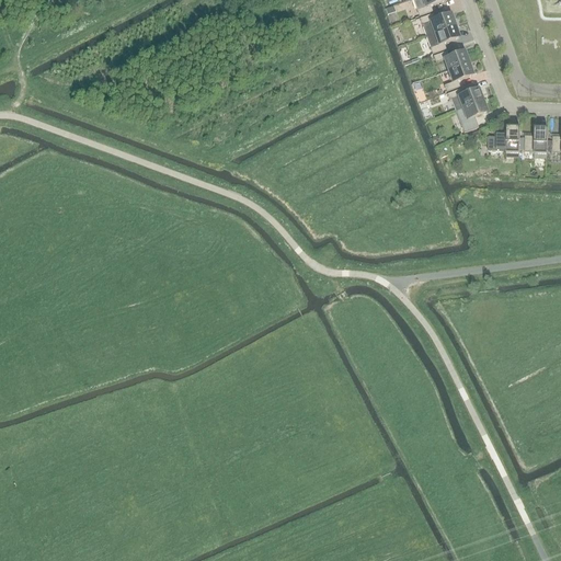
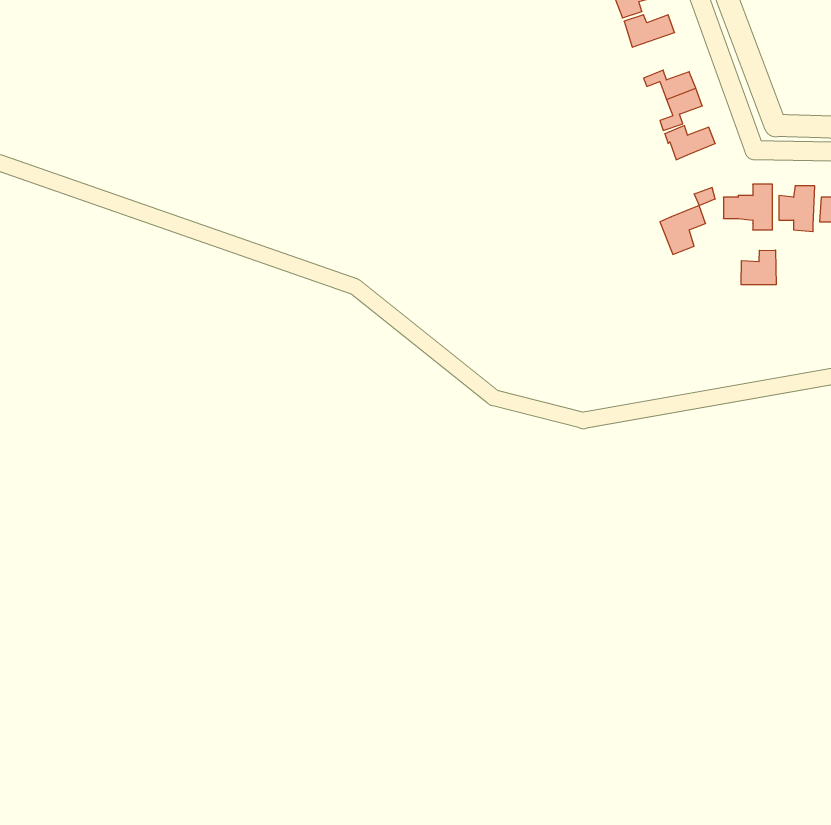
building: [426,22,459,50] -> none
building: [456,96,486,129] -> [660,205,706,254]
building: none -> [741,250,776,285]

